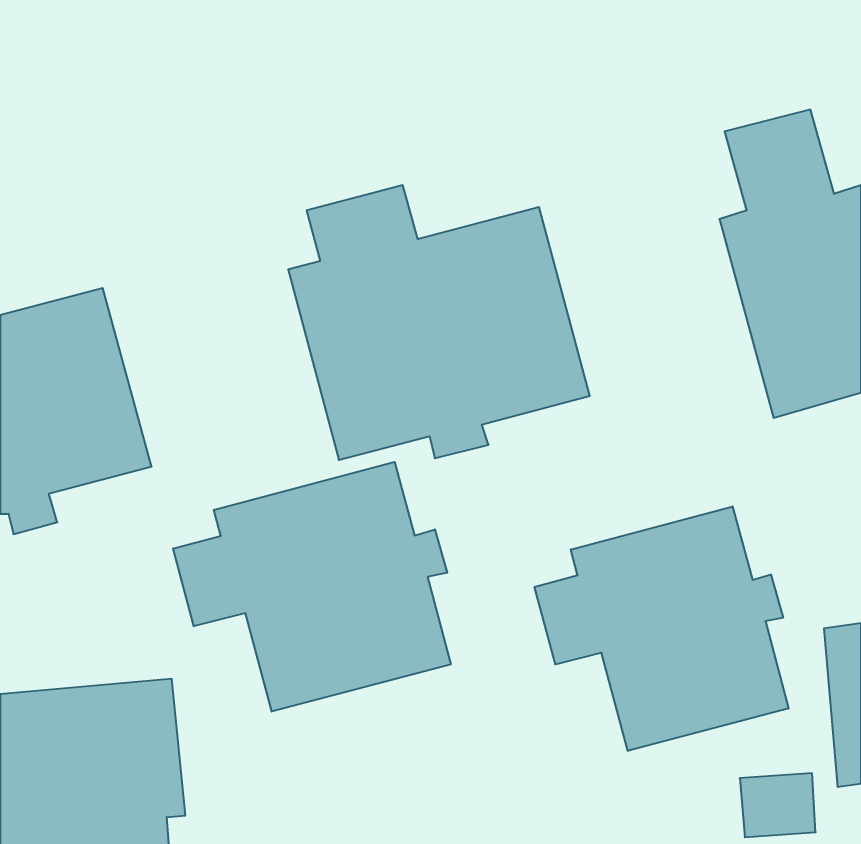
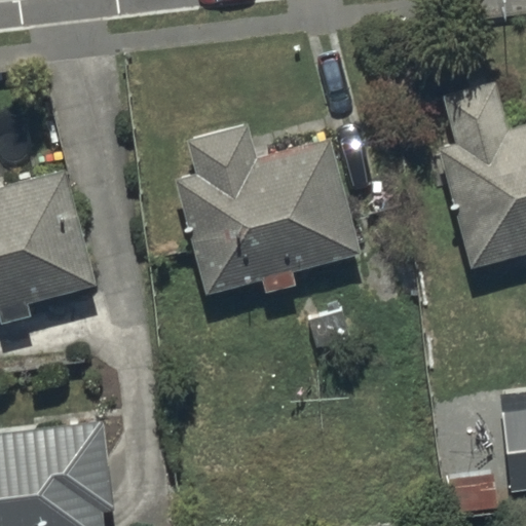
building: [173,462,451,712] -> none
building: [535,506,789,751] -> none

